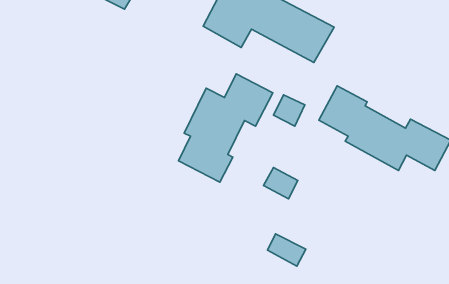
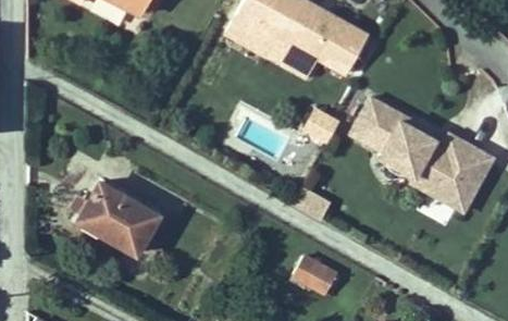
building: [179,74,273,182] -> none
building: none -> [413,175,478,213]
building: none -> [75,181,156,252]

